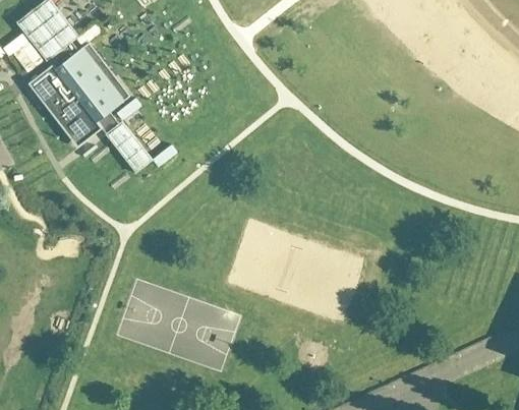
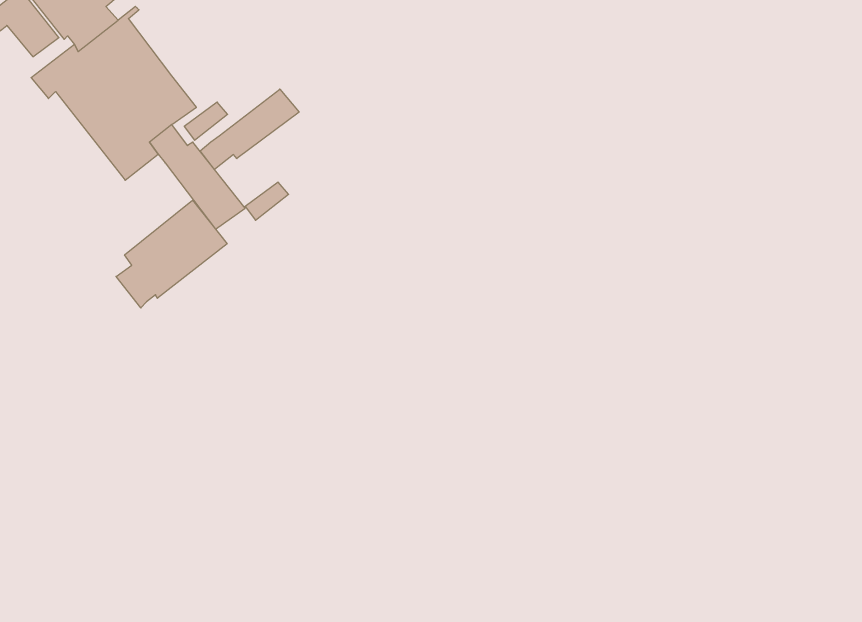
building: none -> [200,89,299,169]
building: none -> [116,200,227,308]

